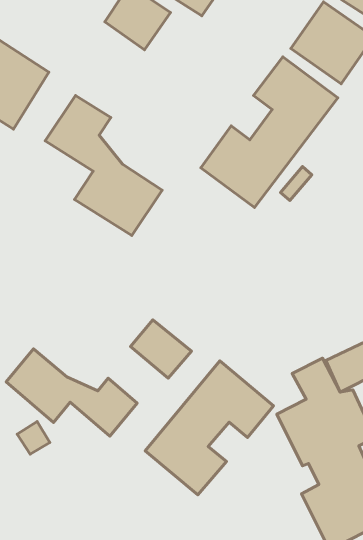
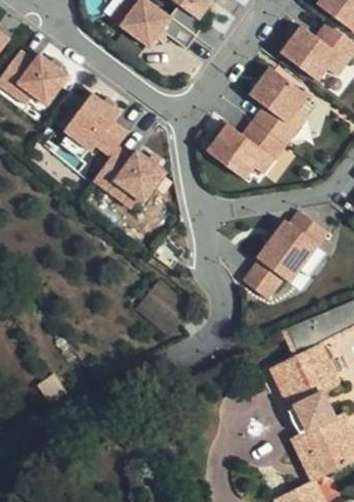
building: none -> [236,204,334,303]
building: [6,349,137,436] -> none
building: [145,361,274,495] -> none

